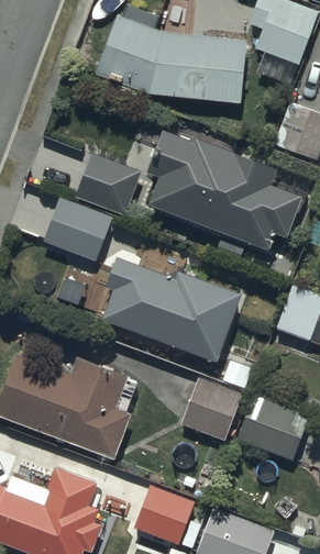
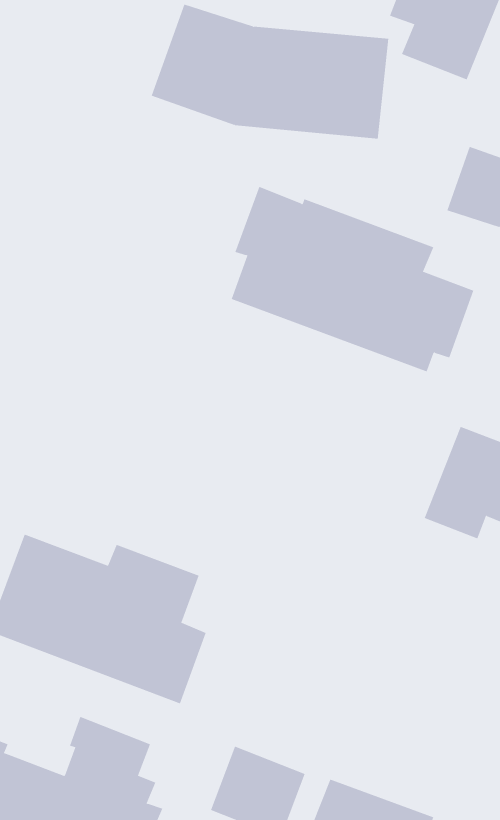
building: [75,153,143,213] -> none
building: [43,198,112,261] -> none
building: [101,258,242,362] -> none
building: [181,377,241,439] -> none
building: [234,394,308,459] -> none

